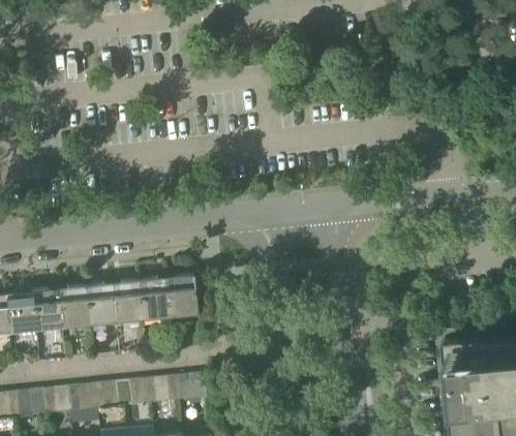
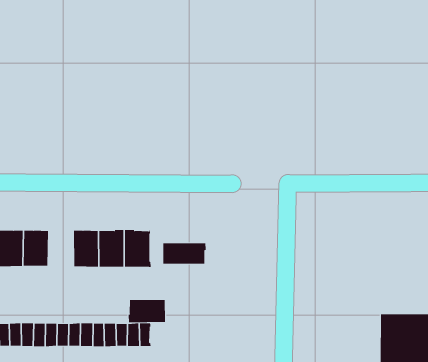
building: none -> [163,242,206,264]
building: [81,282,111,322] -> none
building: none -> [128,299,165,323]

